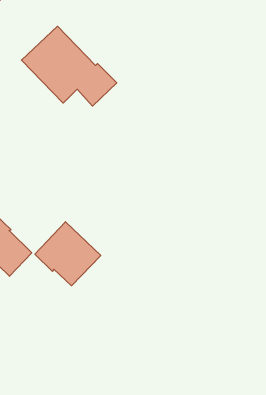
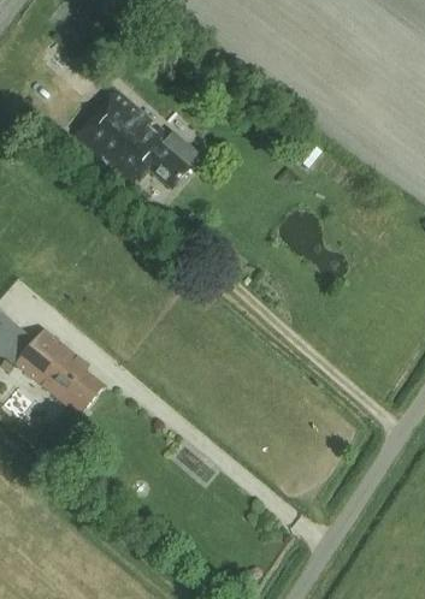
building: [35,222,101,286] -> none

